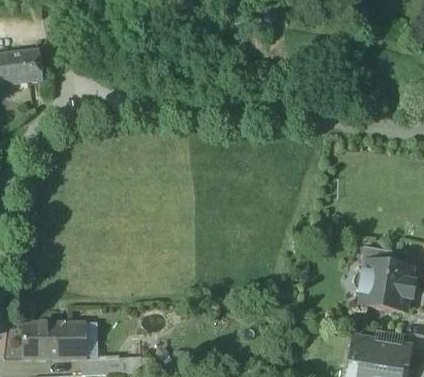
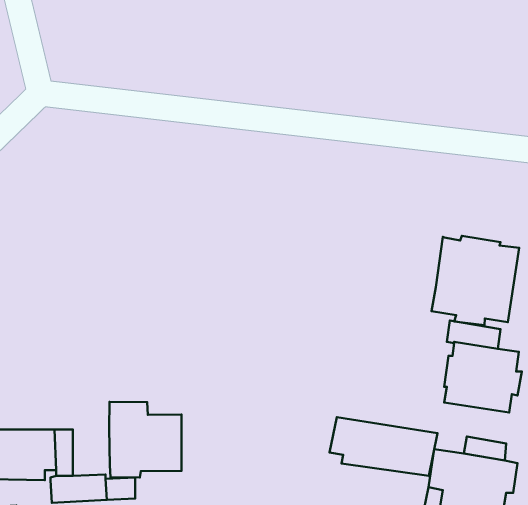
building: none -> [432,236,519,325]
building: none -> [109,402,181,477]
building: none -> [330,417,437,476]

